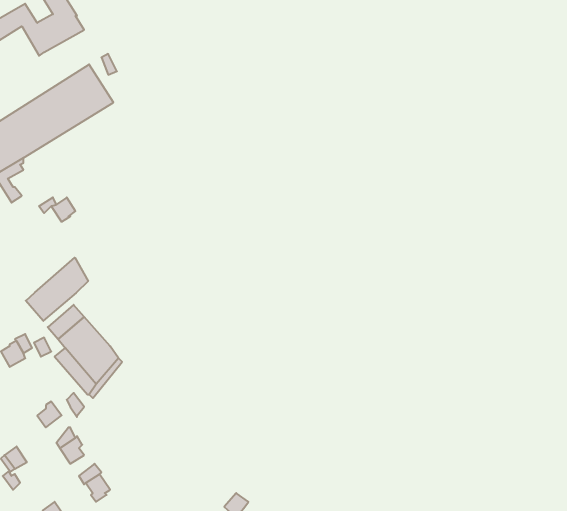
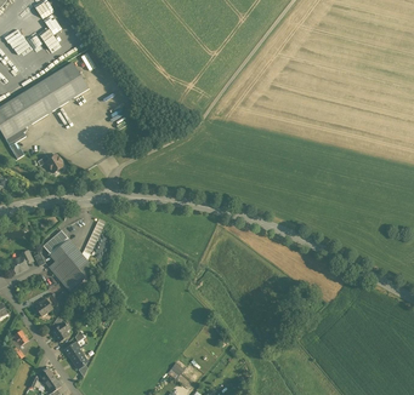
building: [26,258,88,321] -> none

